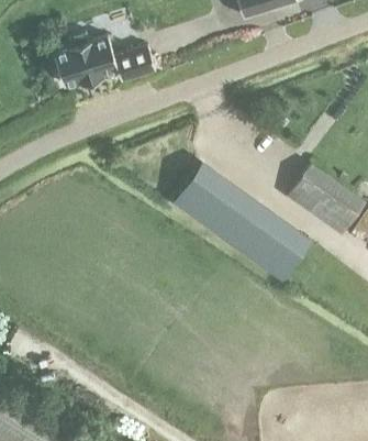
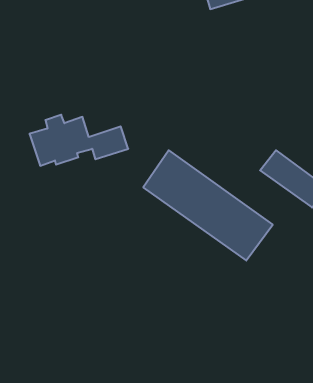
building: [54,35,156,88] -> [29,115,128,166]

